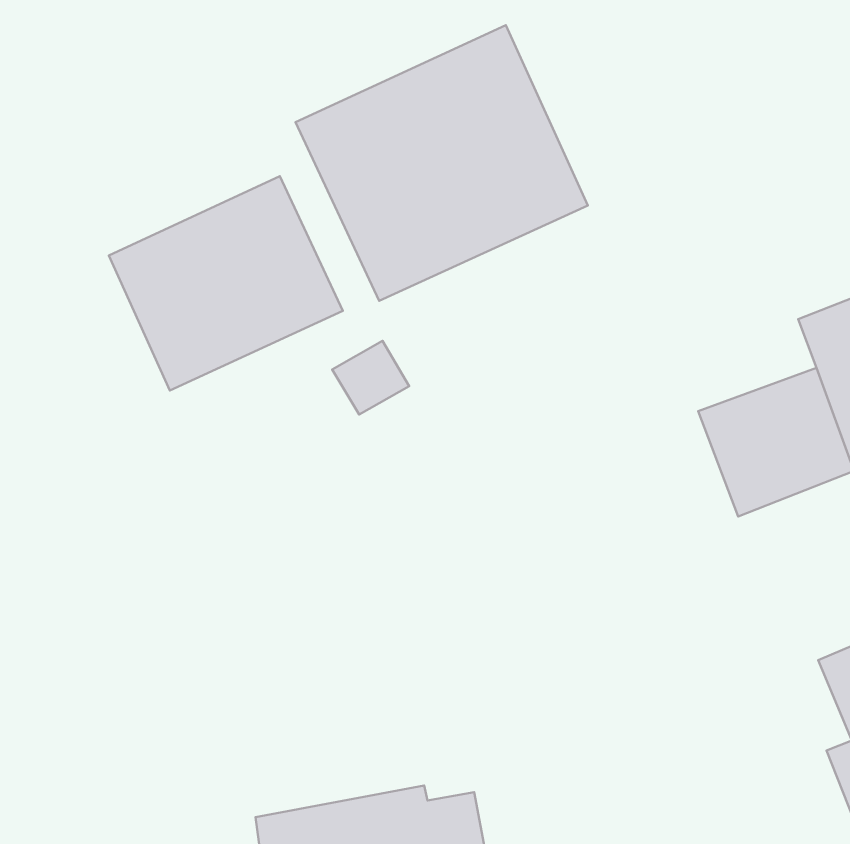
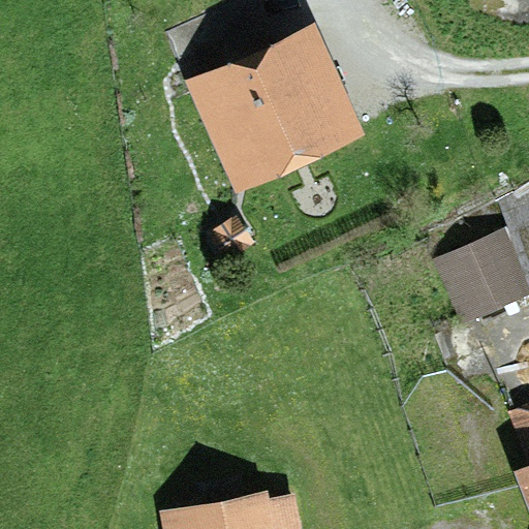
building: [109,176,343,391] -> none

